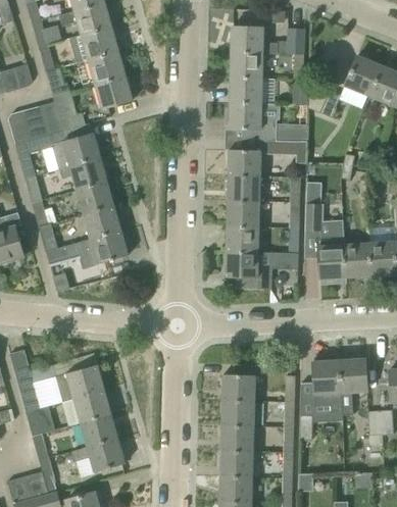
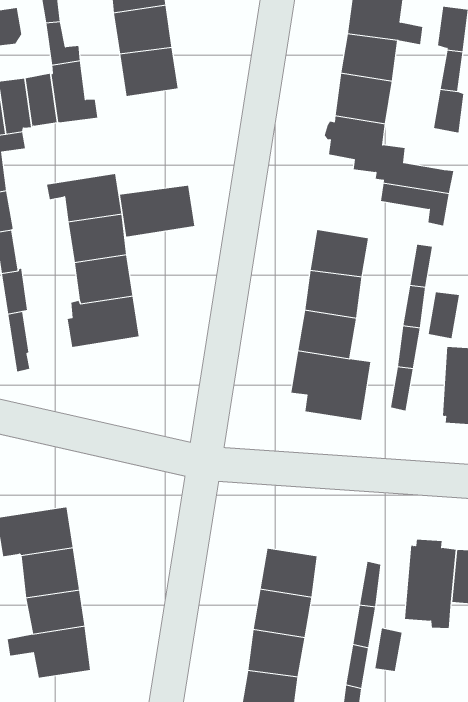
building: [51,133,100,169] -> [119,185,195,237]
building: [228,150,260,176] -> none

